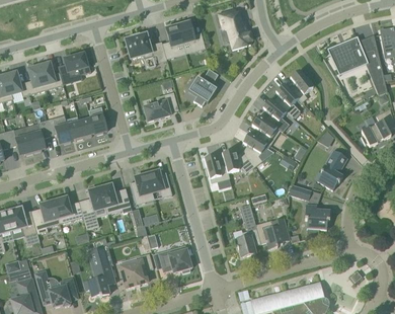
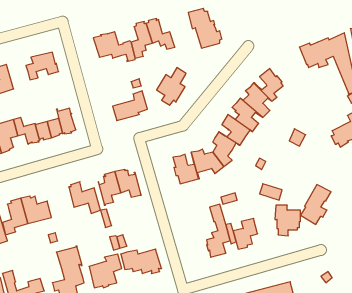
building: [38,62,63,89] -> none
building: [317,150,347,189] -> [300,185,331,224]
building: [79,185,105,225] -> none

